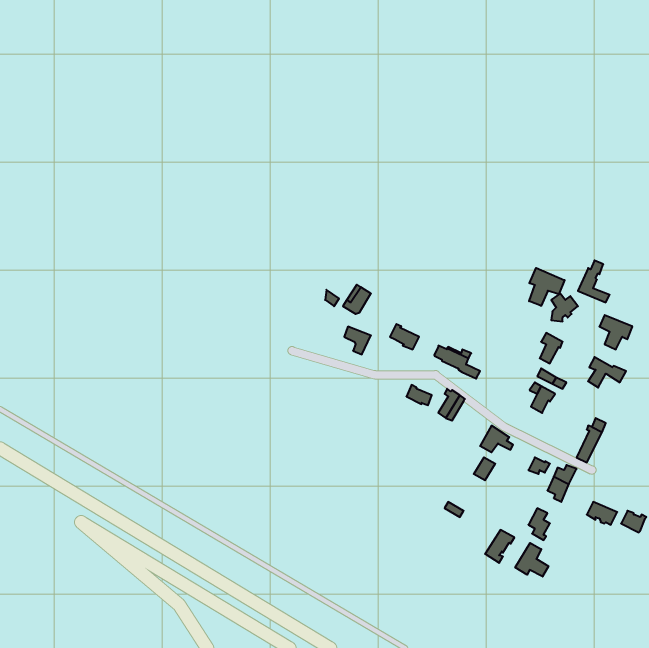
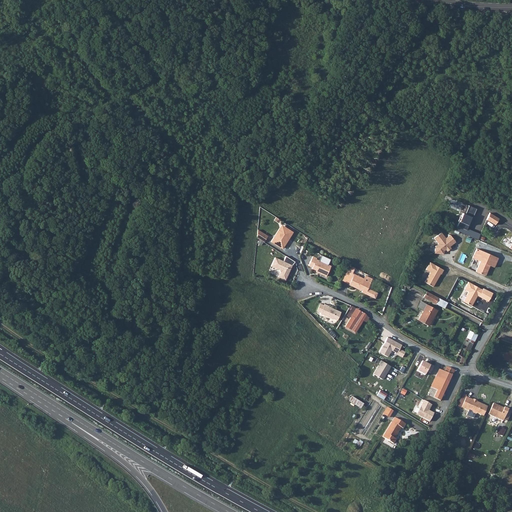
building: [529,268,565,306] -> none
building: [515,543,548,577] -> none

